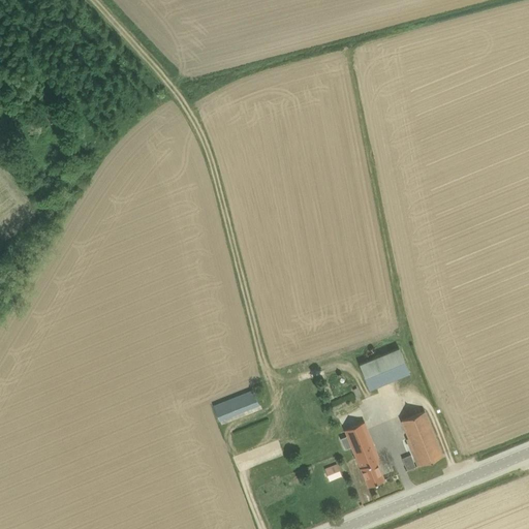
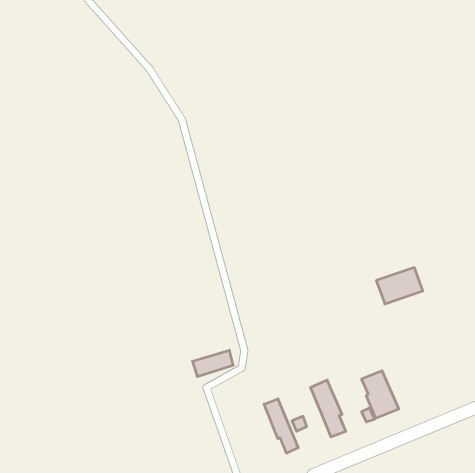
building: [361,349,412,390] -> [376,268,423,304]
building: none -> [264,399,298,453]

